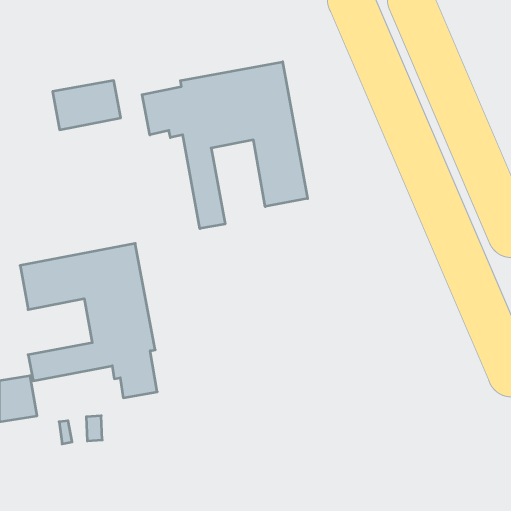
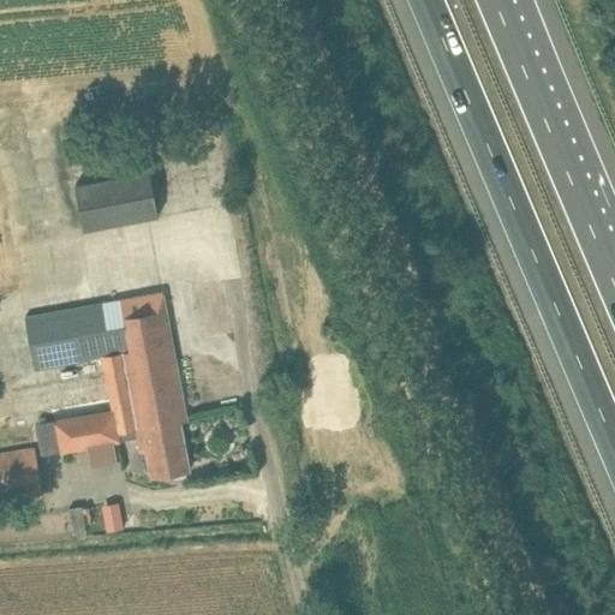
building: [142,62,308,229] -> none
building: [53,81,121,130] -> [76,171,157,229]

